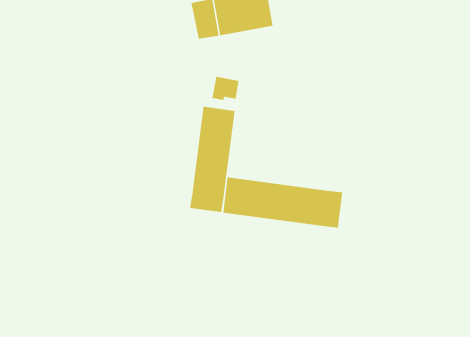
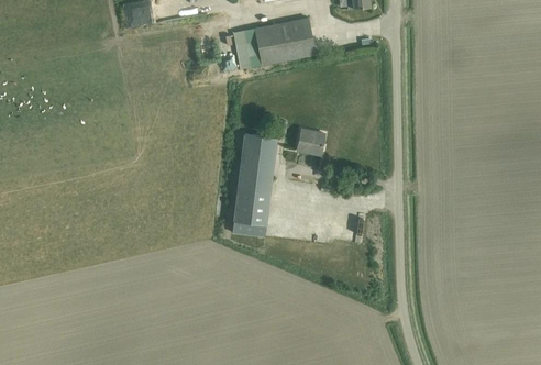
building: [211,76,239,101] -> [296,129,323,153]
building: [222,176,343,228] -> none

